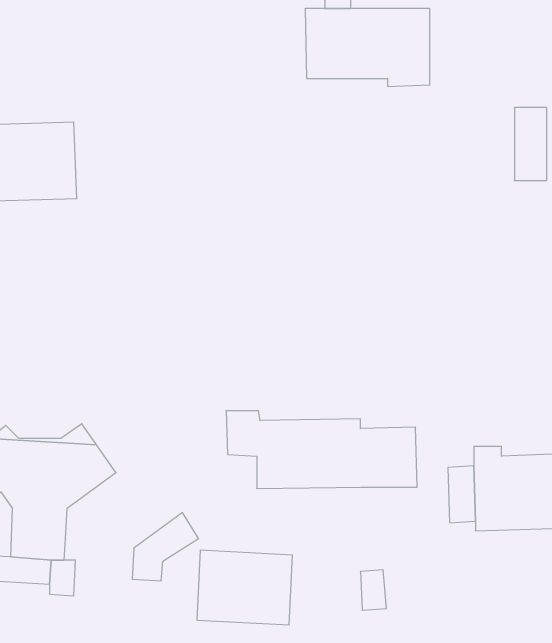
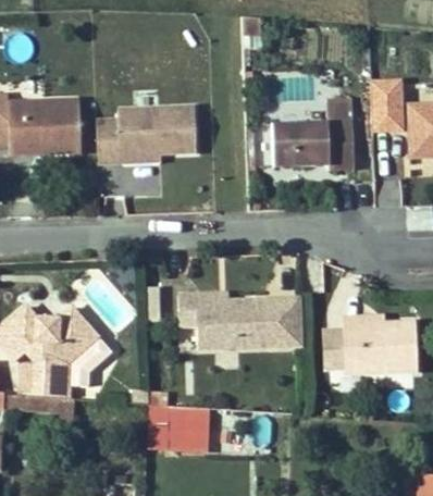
building: [305,9,430,86] -> [267,123,350,175]
building: none -> [88,106,186,161]
building: [132,513,199,581] -> [66,335,111,381]

